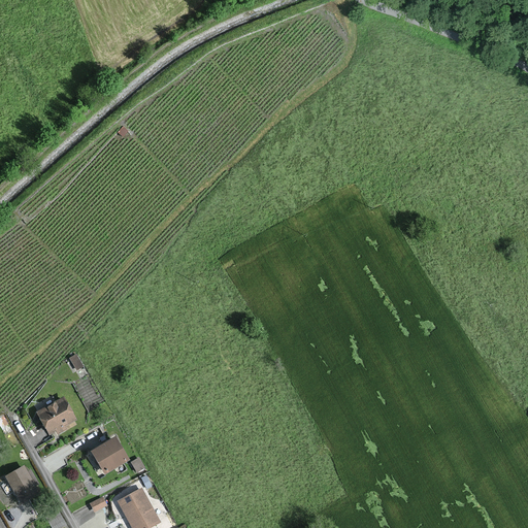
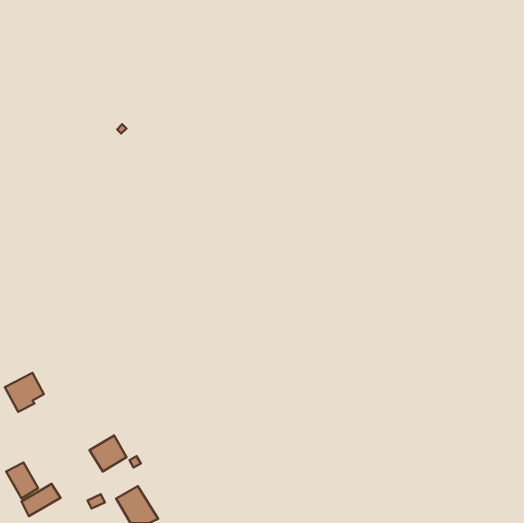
building: [36,398,75,437] -> [5,373,44,412]
building: none -> [22,484,61,516]

